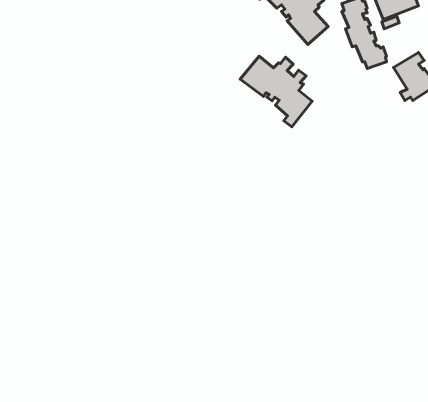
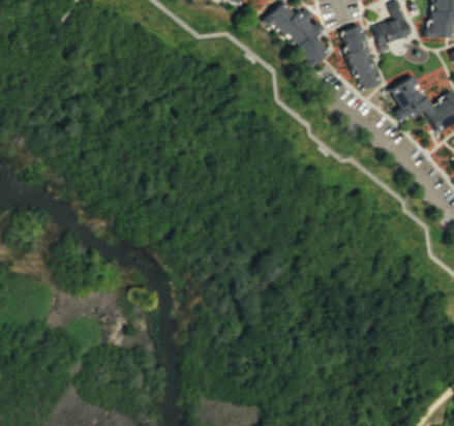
building: [240,56,312,127] -> none

